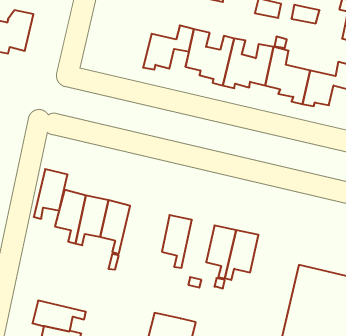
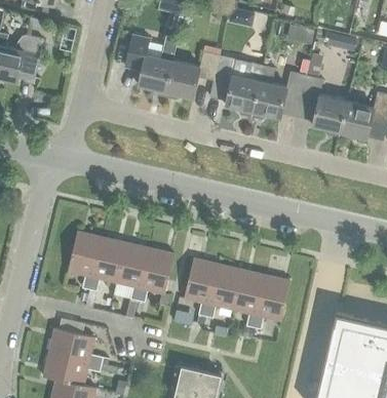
building: none -> [126,35,172,97]
building: [34,169,68,219] -> [137,248,173,303]
building: none -> [205,264,241,318]
building: none -> [48,327,103,364]

